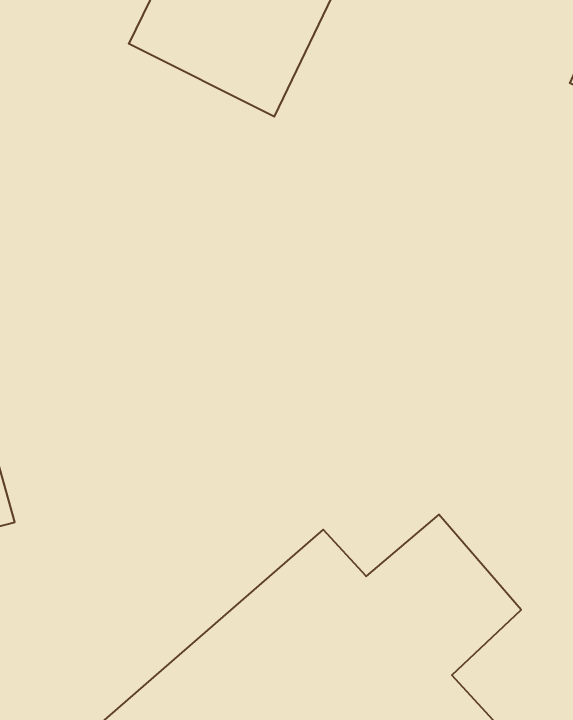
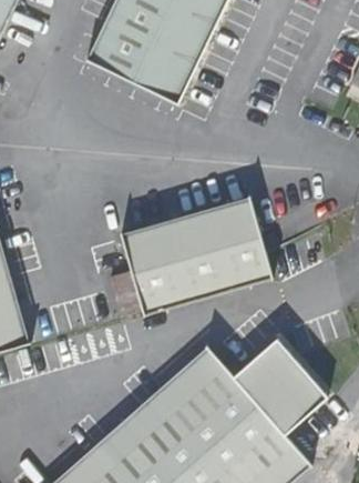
building: none -> [107,198,269,314]

